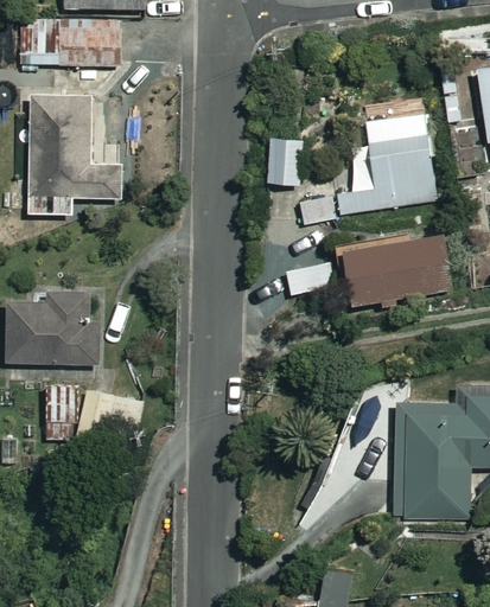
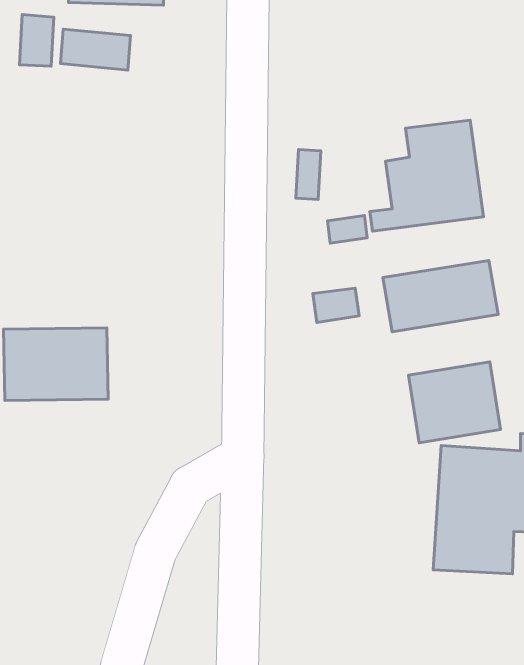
building: [27,97,120,215] -> none
building: none -> [409,362,500,443]

